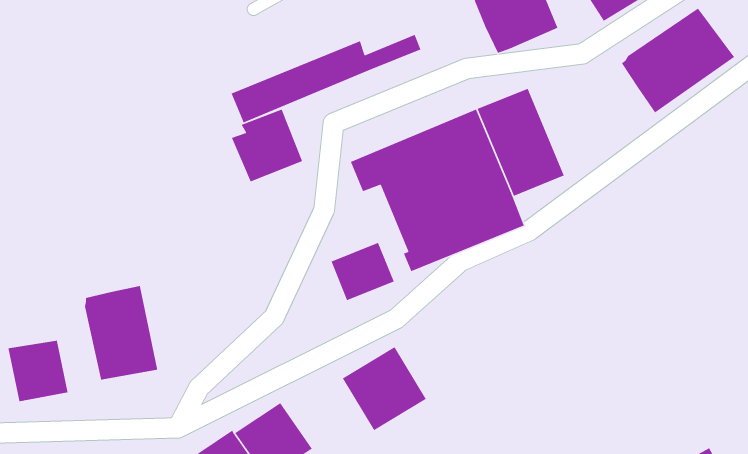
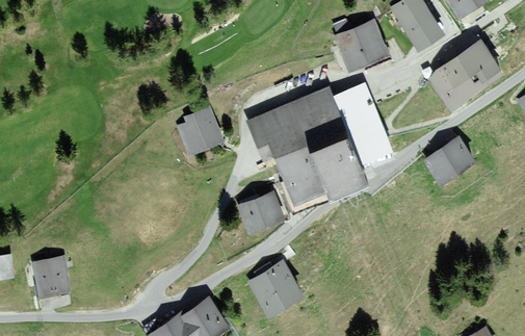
building: [230,34,422,124] -> [245,82,369,140]
building: none -> [423,135,476,185]
building: [84,285,158,381] -> none

